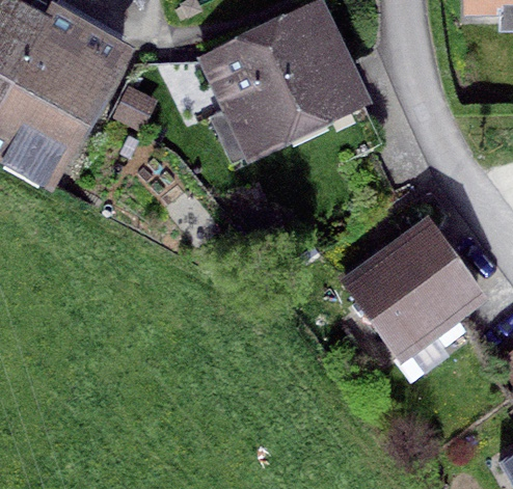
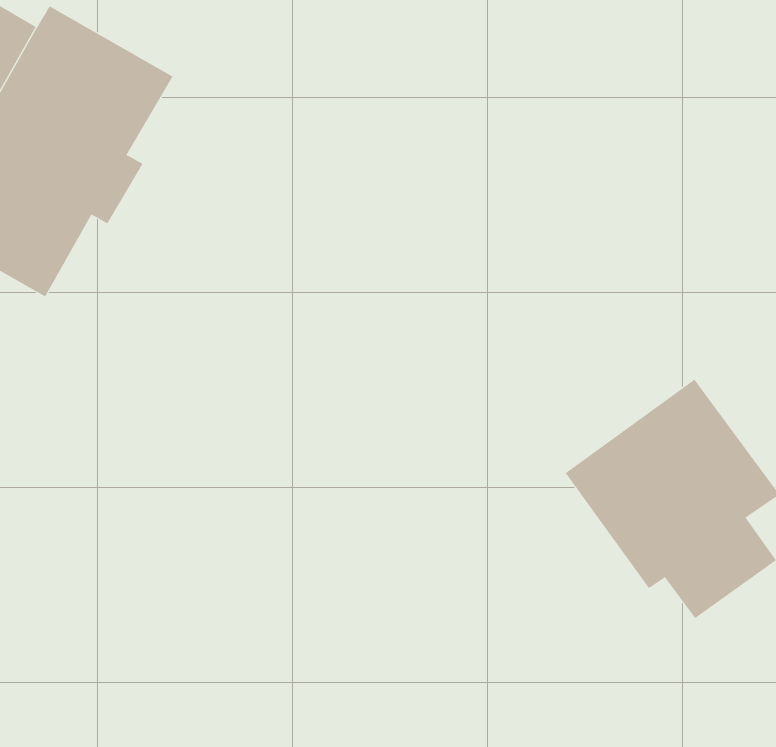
building: [217,9,347,130] -> none

